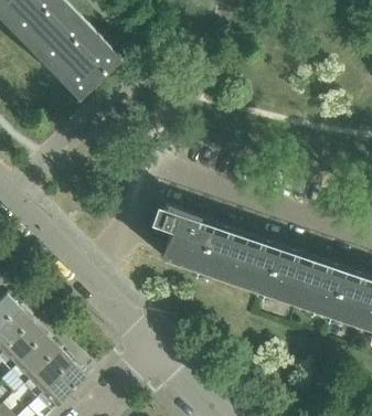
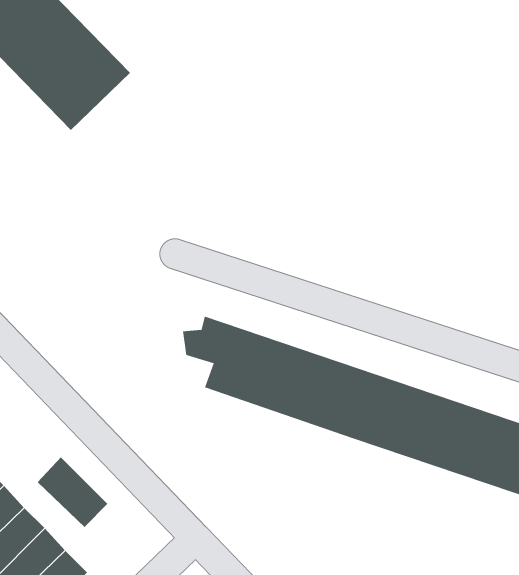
building: none -> [37,457,108,528]

